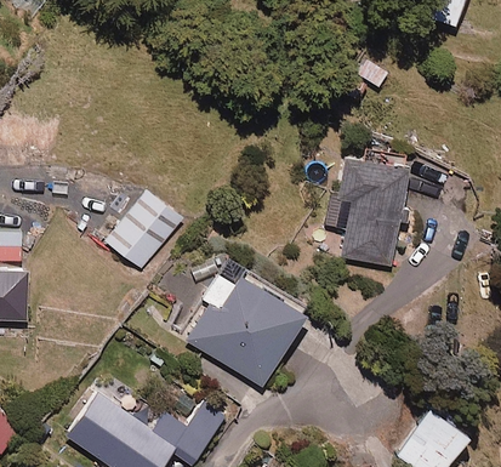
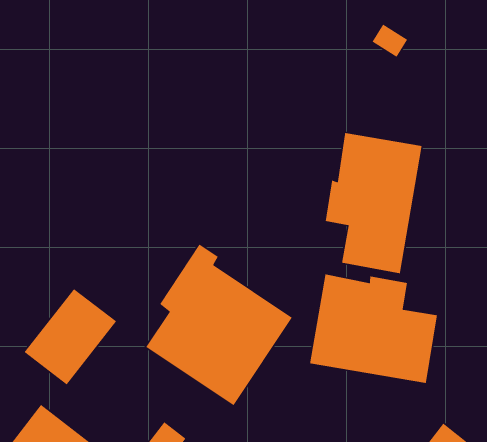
building: [108,193,184,274] -> [23,288,117,385]
building: none -> [309,273,438,384]

